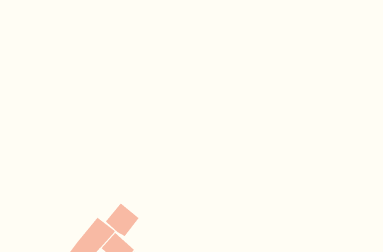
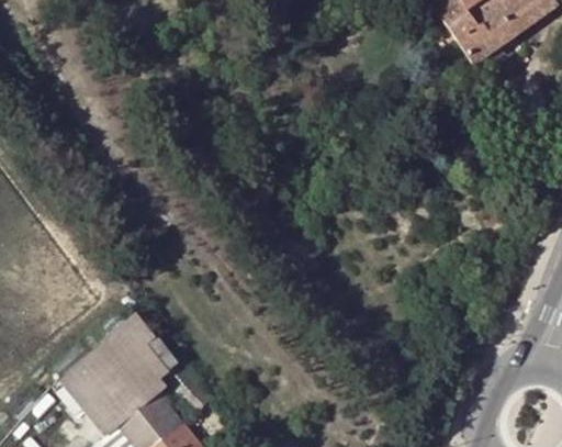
building: [105,203,140,237] -> none

